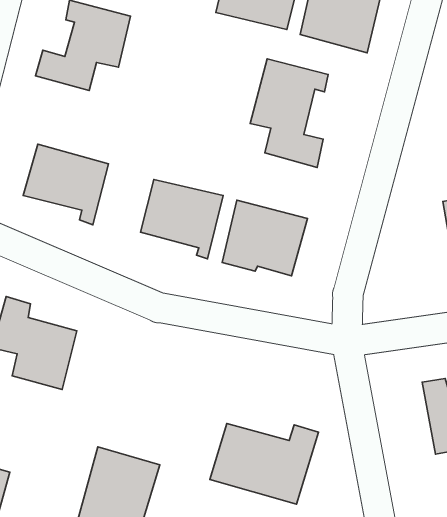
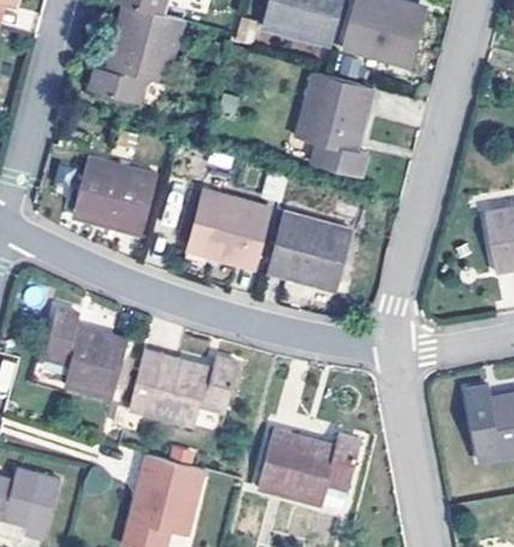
building: none -> [129,350,239,423]

